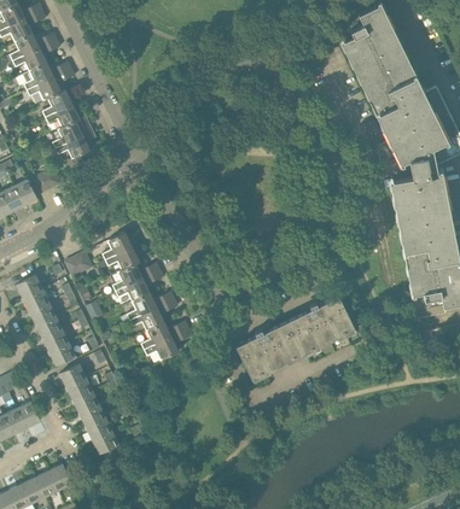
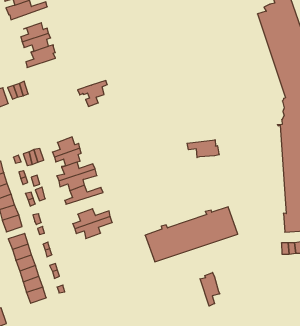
building: [25,68,74,100] -> none
building: [54,133,92,169] -> [78,81,107,106]
building: none -> [187,140,219,158]
building: [128,298,177,330] -> none
building: none -> [200,272,220,306]

